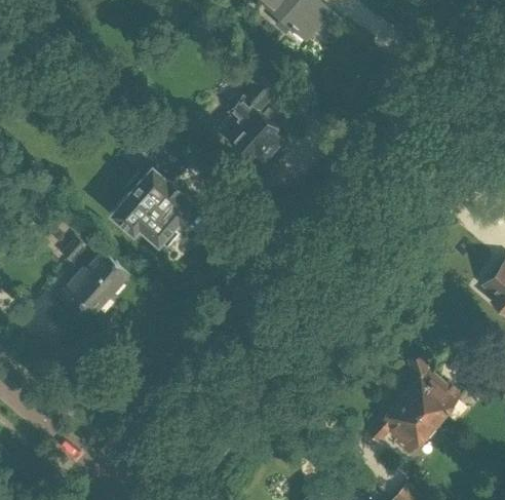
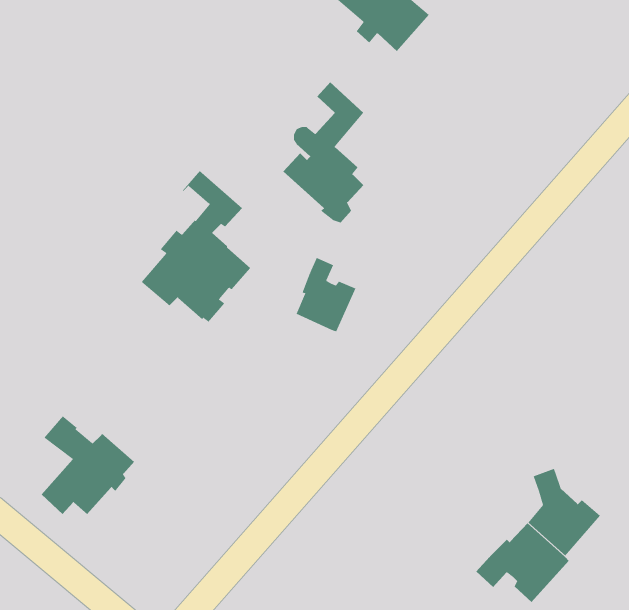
building: none -> [296,257,356,332]
building: [59,240,129,315] -> [41,416,135,515]

